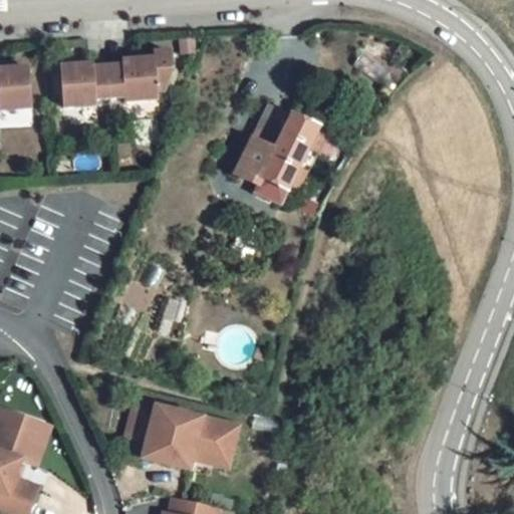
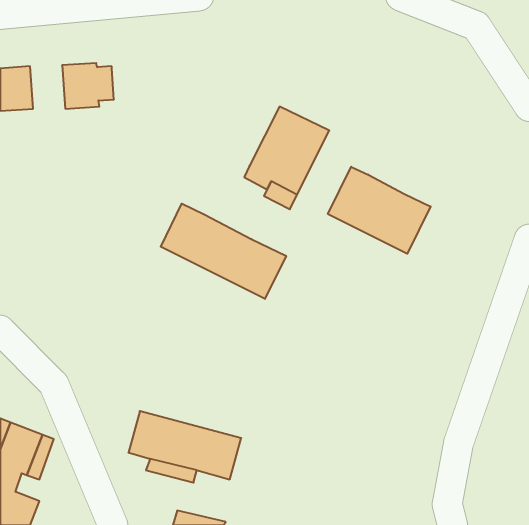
building: [108,52,174,101] -> none
building: none -> [328,167,431,254]
building: none -> [161,204,286,299]

